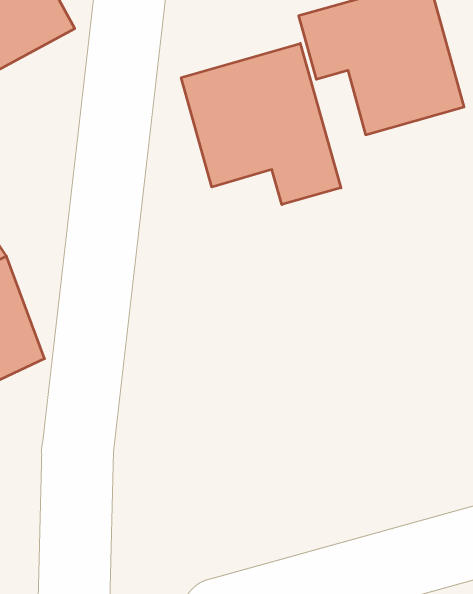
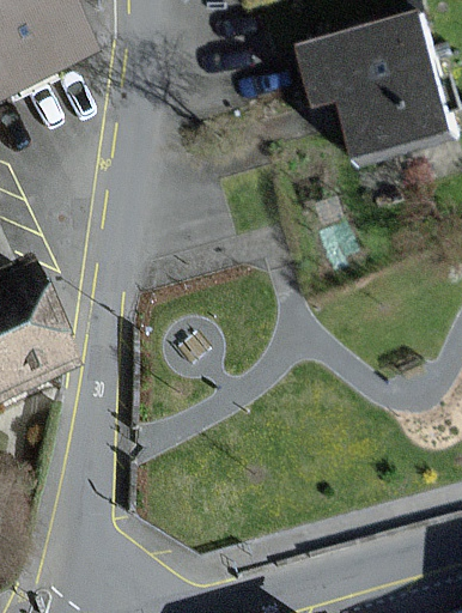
building: [181,43,341,205] -> none

